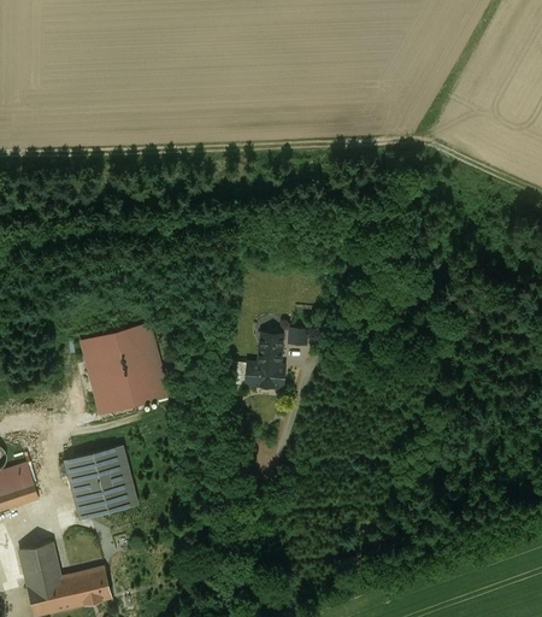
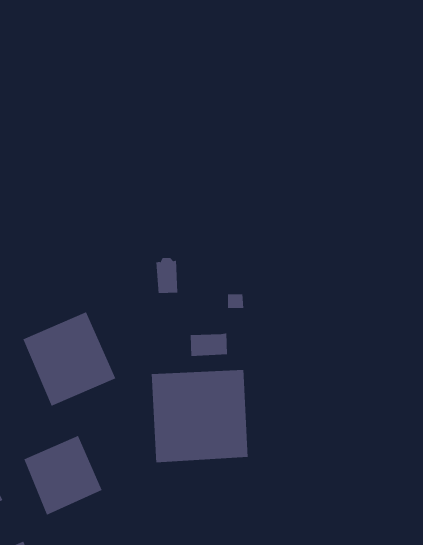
building: [258,328,282,365] -> [155,258,178,294]
building: none -> [151,369,248,463]

